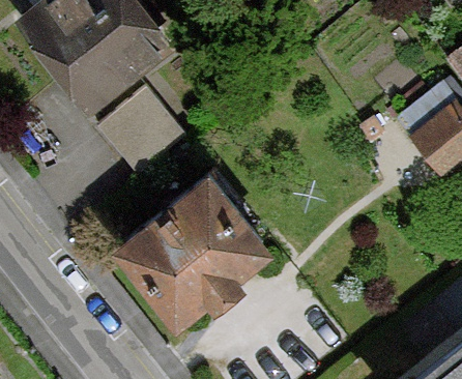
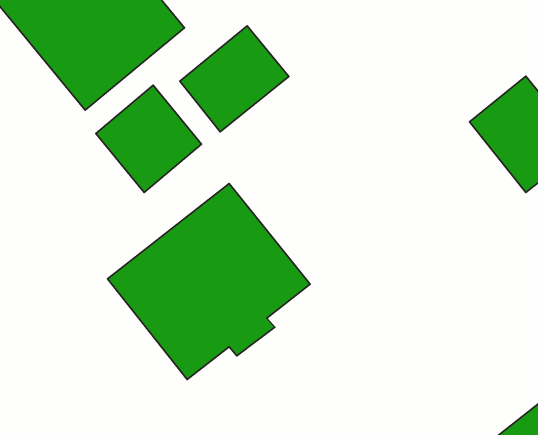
building: none -> [180,26,289,132]

